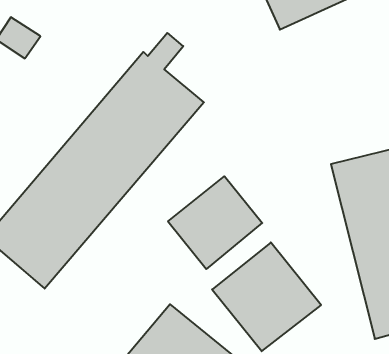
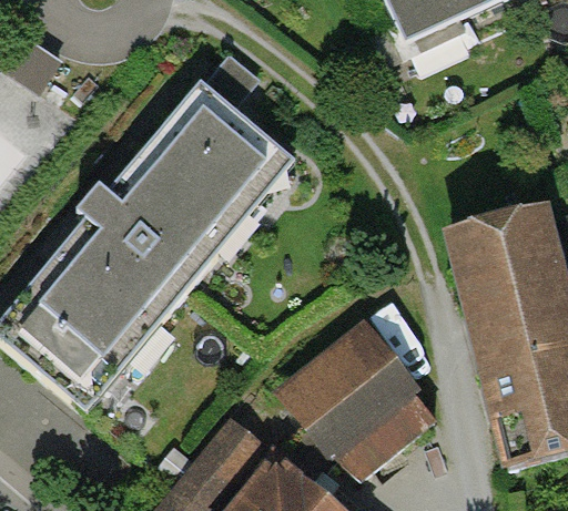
building: [168,176,262,269] -> none

